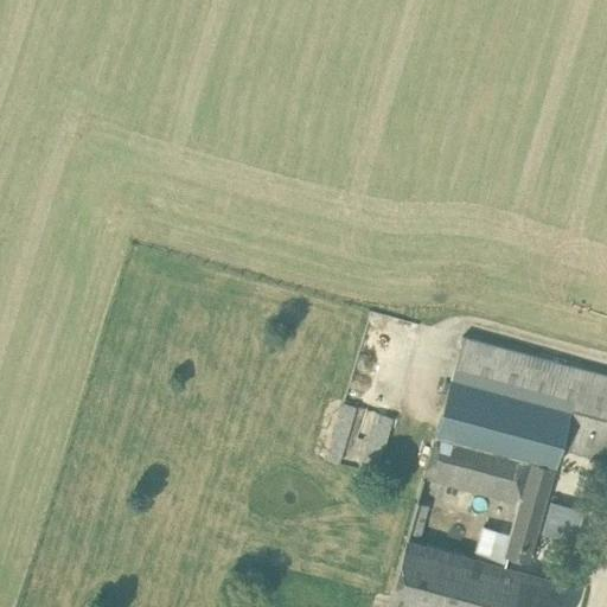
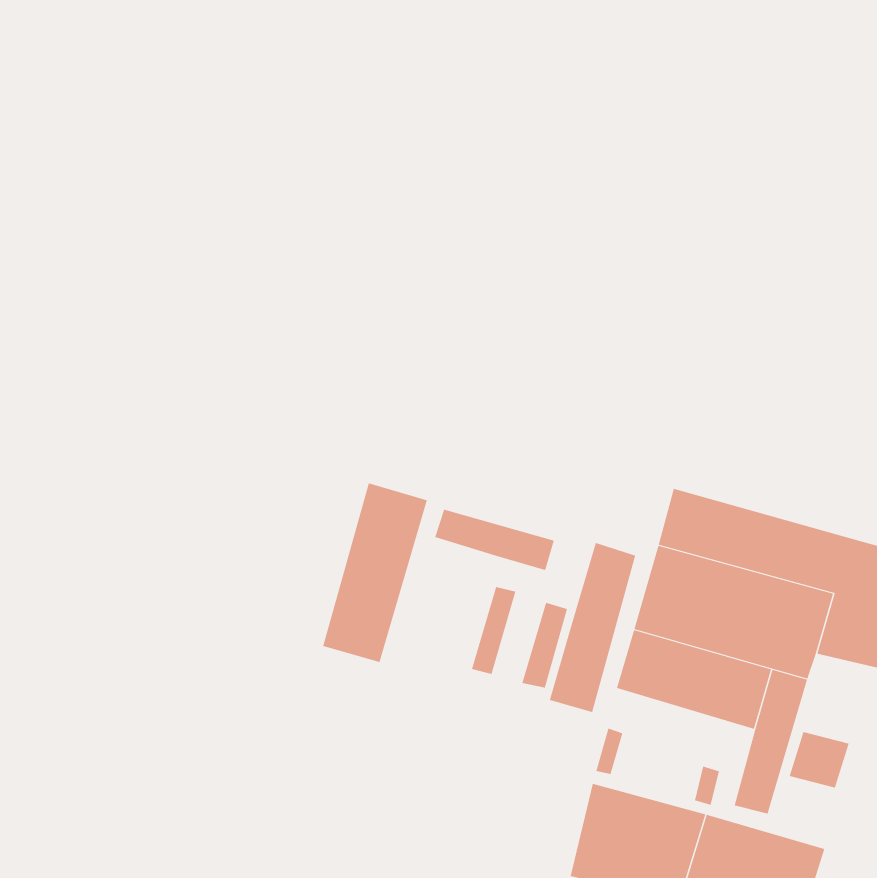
building: none -> [322,483,427,663]
building: none -> [434,509,554,571]
building: none -> [549,542,636,713]

